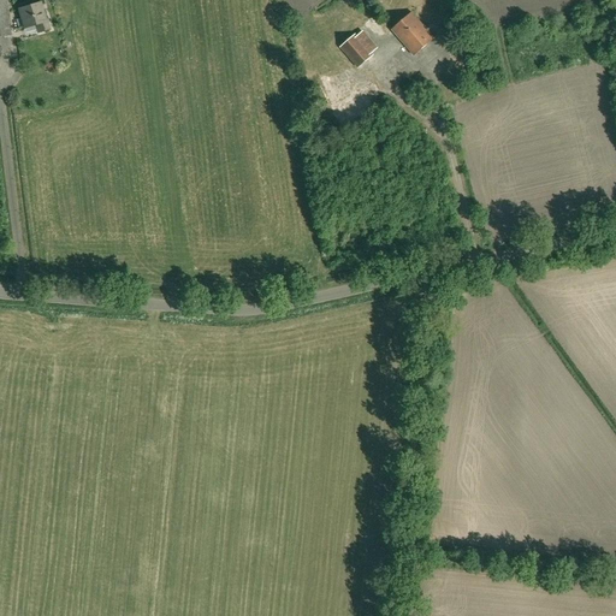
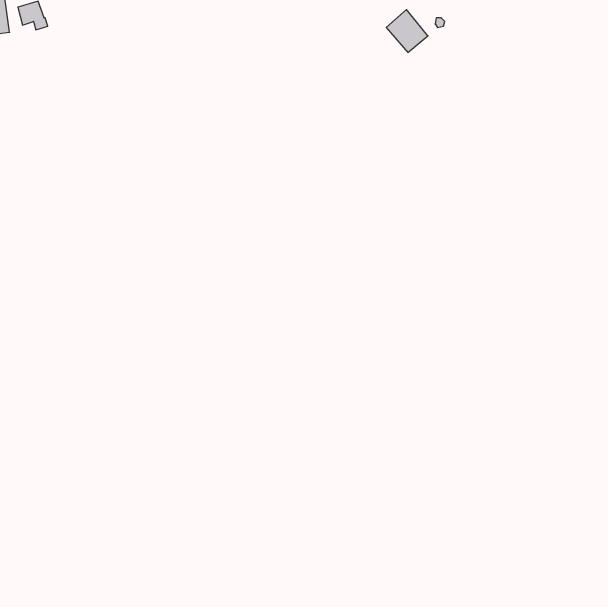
building: [338,31,373,66] -> none

